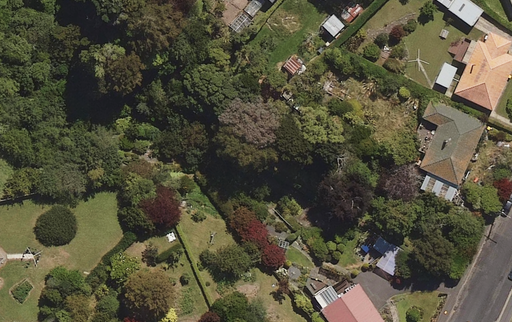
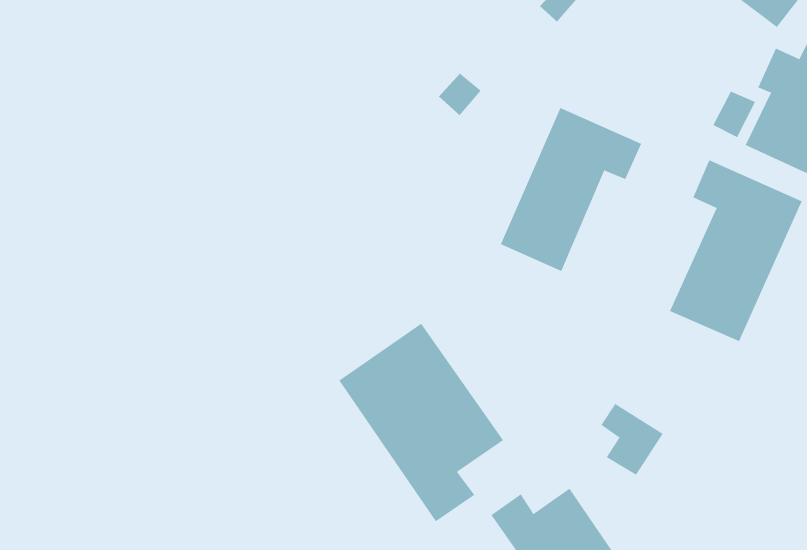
building: none -> [500,107,642,272]
building: none -> [339,323,504,522]

